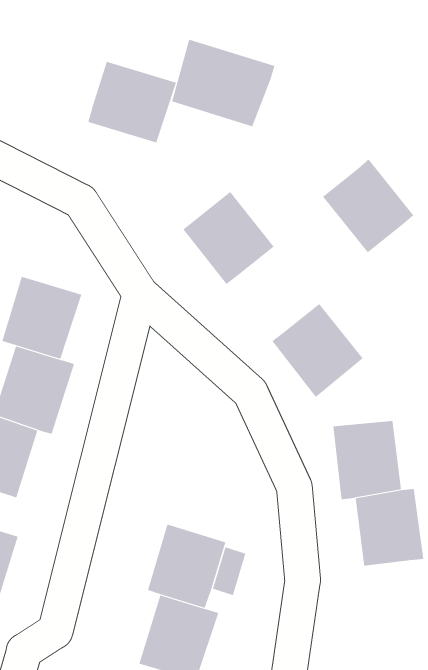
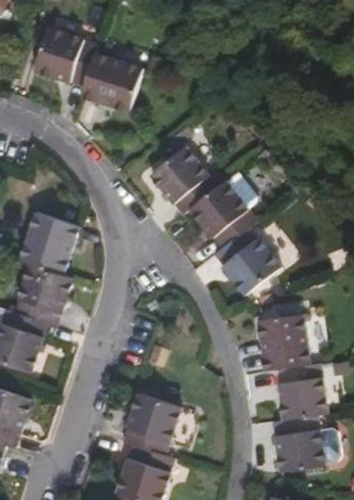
building: none -> [37,29,98,86]
building: [171,39,275,127] -> none
building: [322,159,414,253] -> [190,180,256,248]
building: none -> [269,414,319,471]

